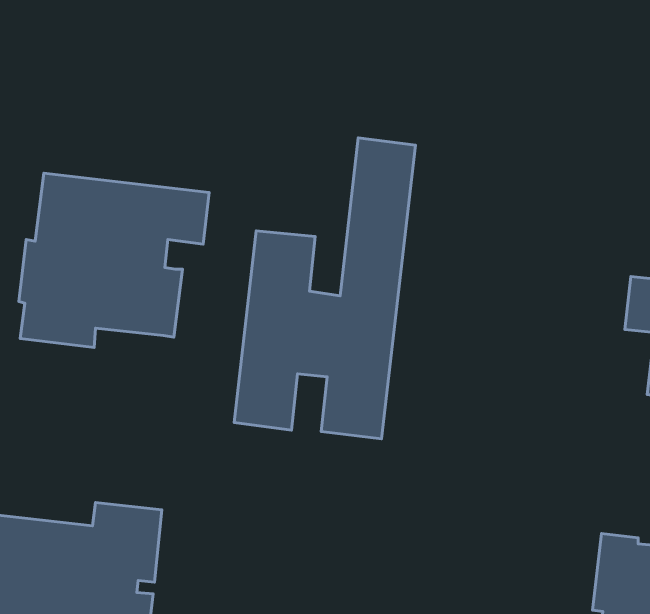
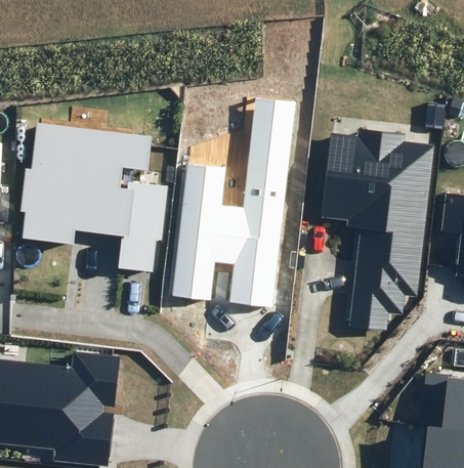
building: none -> [321,130,435,331]
building: none -> [117,182,168,271]

